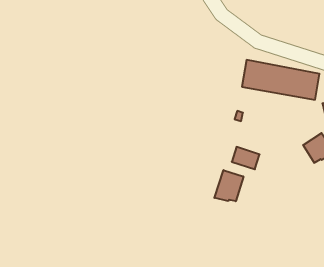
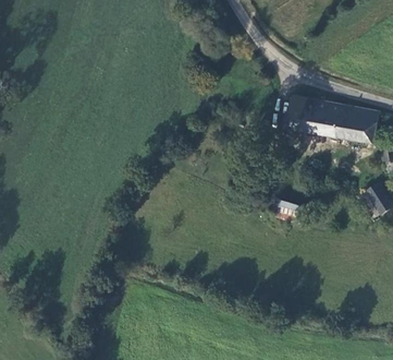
building: [214,170,243,201] -> none

